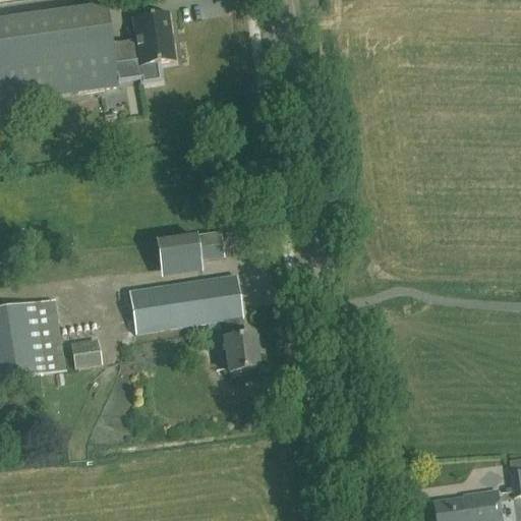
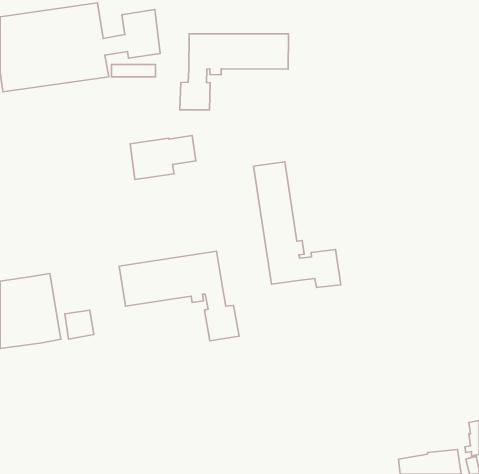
building: none -> [180,34,288,110]
building: none -> [253,162,341,288]
building: [155,229,226,277] -> [130,135,196,179]

